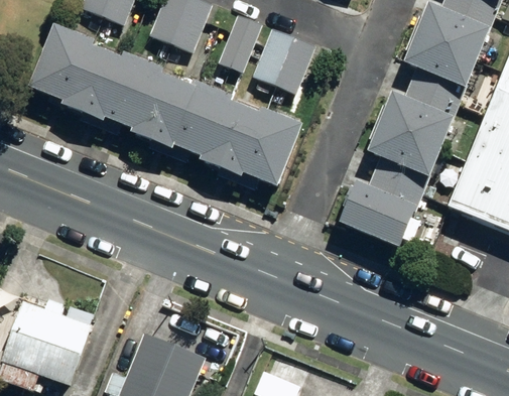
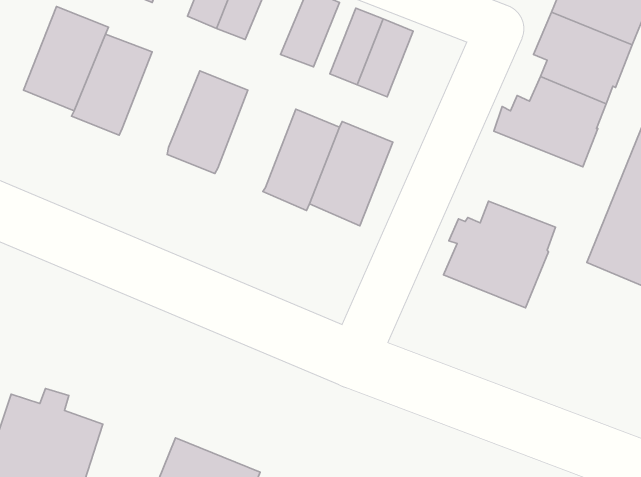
building: [103,51,162,127] -> none
building: [173,81,233,156] -> none
building: [370,115,442,185] -> none

